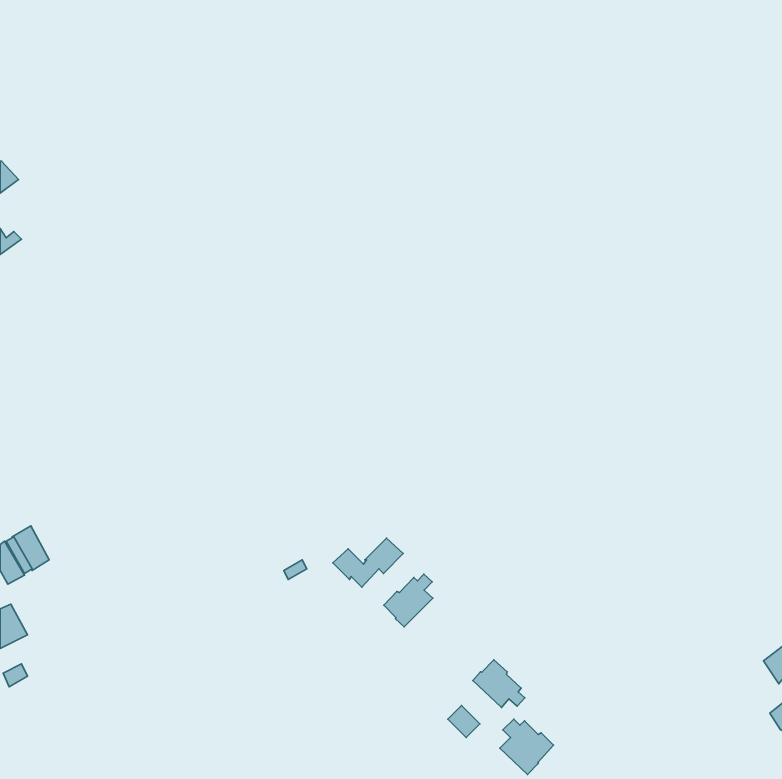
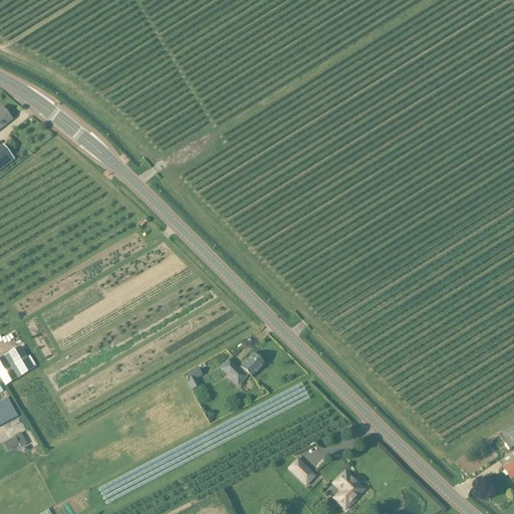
building: [384,574,433,627] -> none
building: [473,660,525,707] -> none

